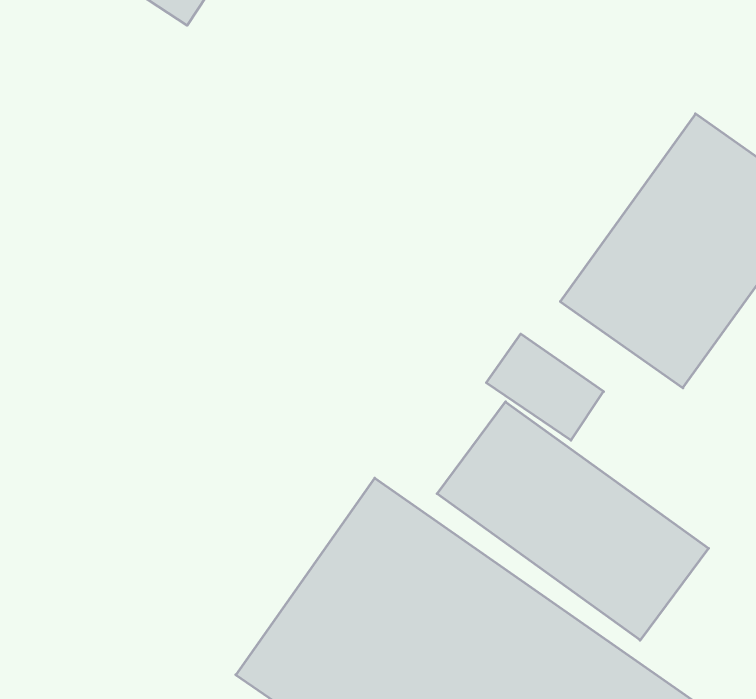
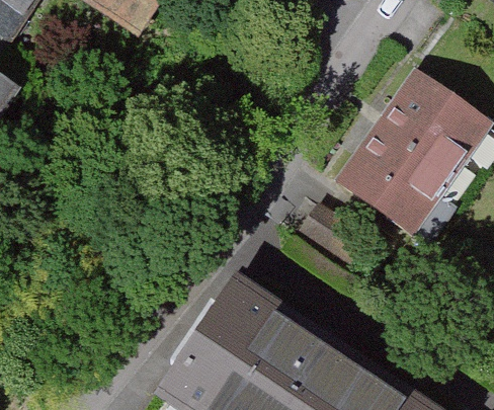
building: [437,402,709,640] -> none

